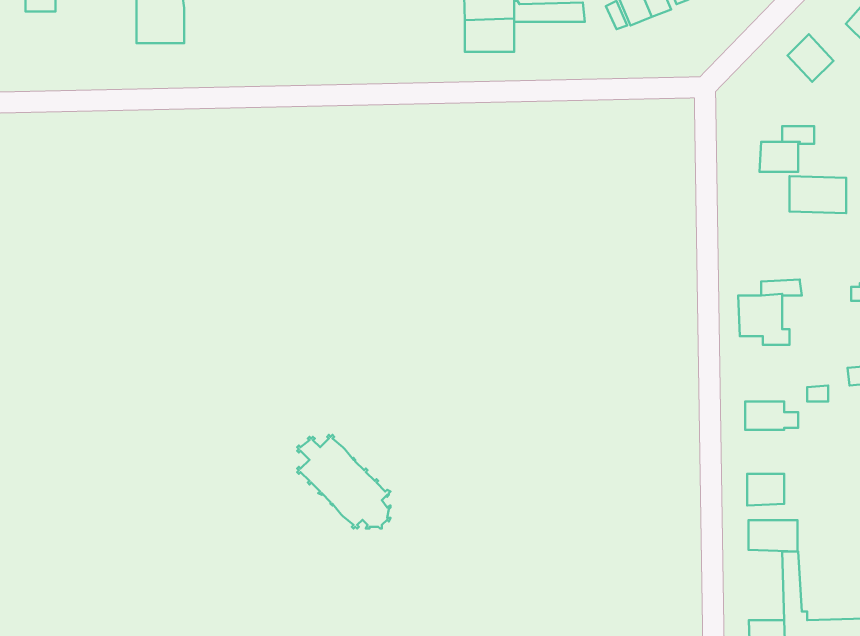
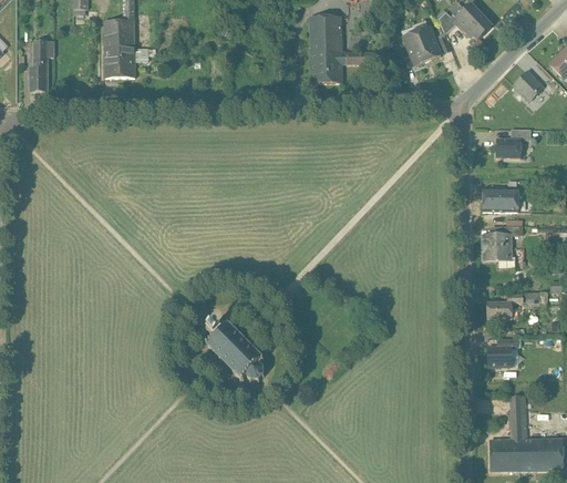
building: none -> [30,55,49,90]
building: [790,176,846,213] -> [483,187,518,210]
building: [748,520,797,551] -> none

